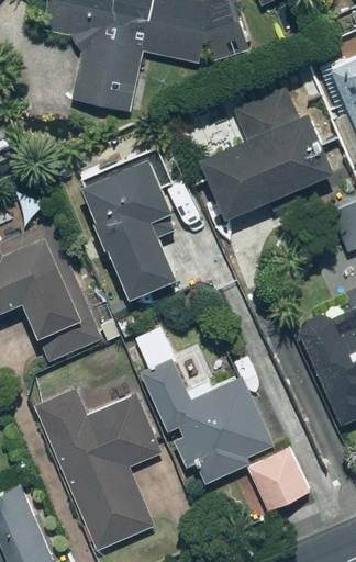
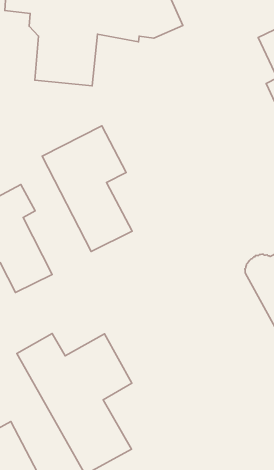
building: [201,86,330,218] -> none
building: [135,327,271,483] -> none
building: [244,448,310,515] -> none

